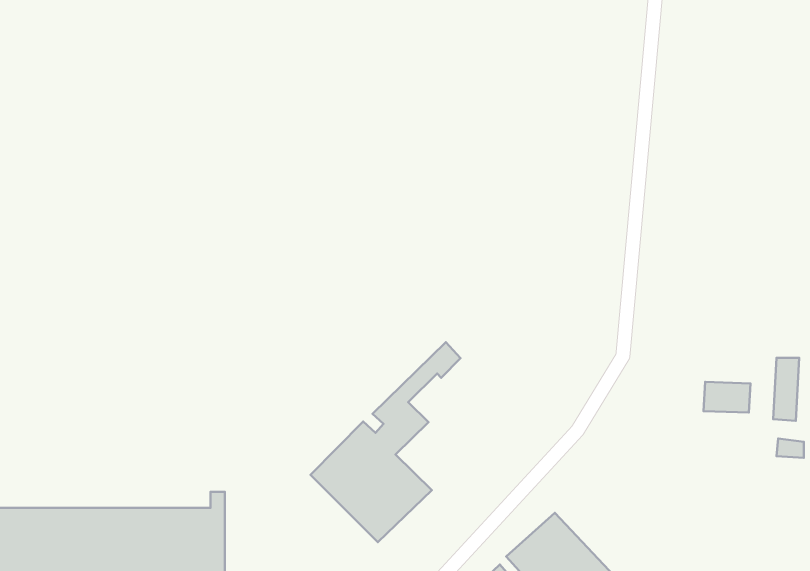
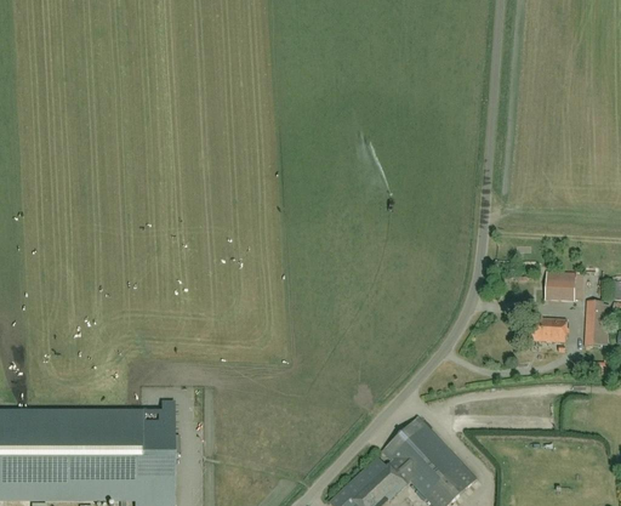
building: none -> [545,271,575,302]
building: [310,342,461,542] -> none

